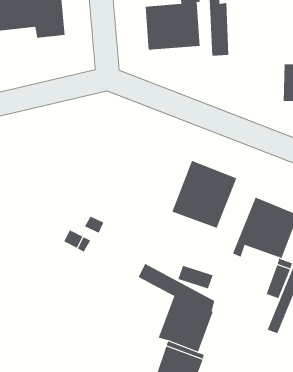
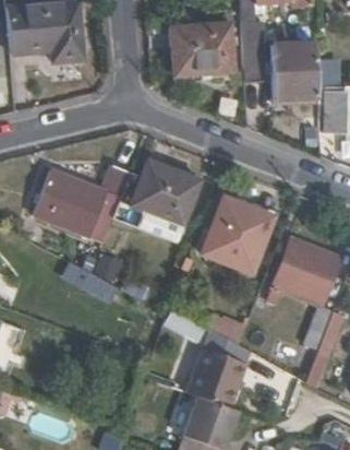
building: none -> [274,42,317,99]
building: none -> [129,158,201,227]
building: none -> [33,164,131,267]

